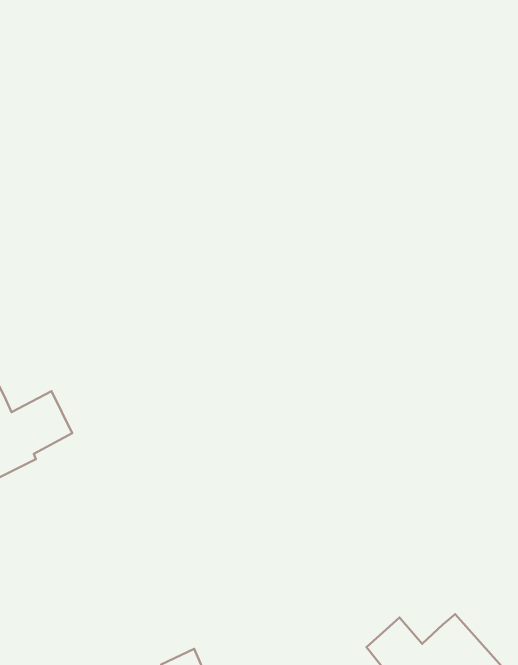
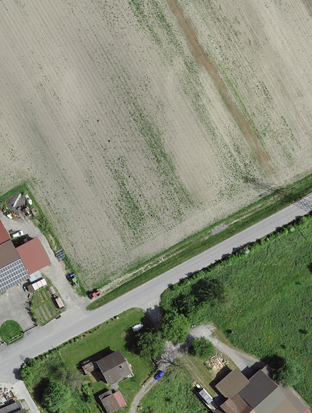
building: none -> [96,351,128,383]

